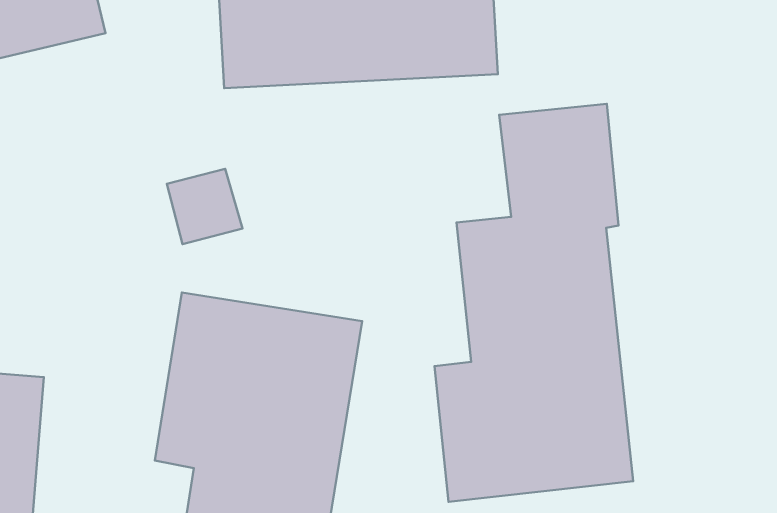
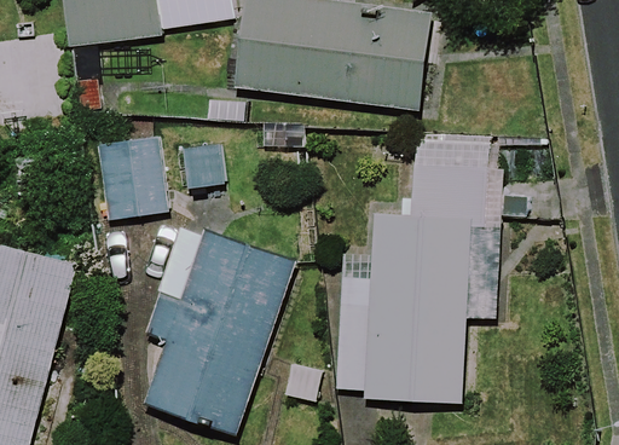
building: none -> [94,138,168,218]

